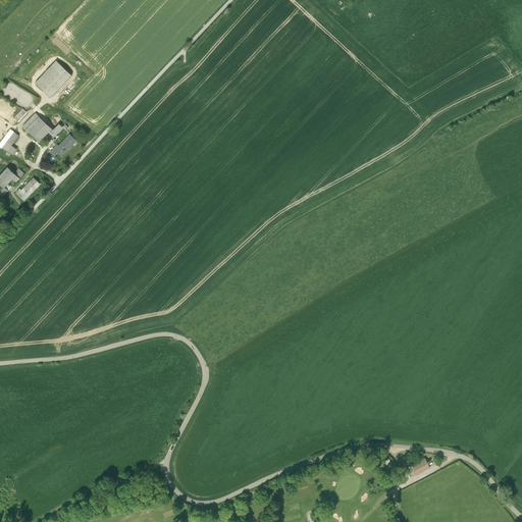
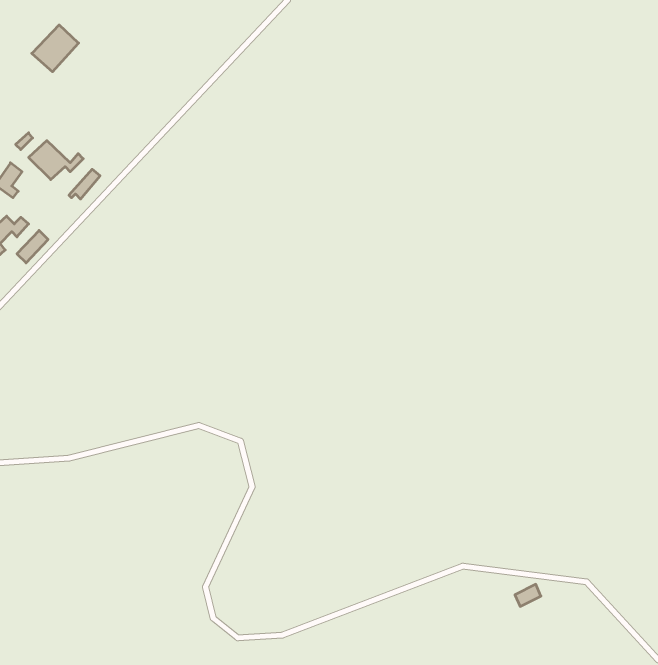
building: [30,60,66,97] -> [32,25,79,72]

